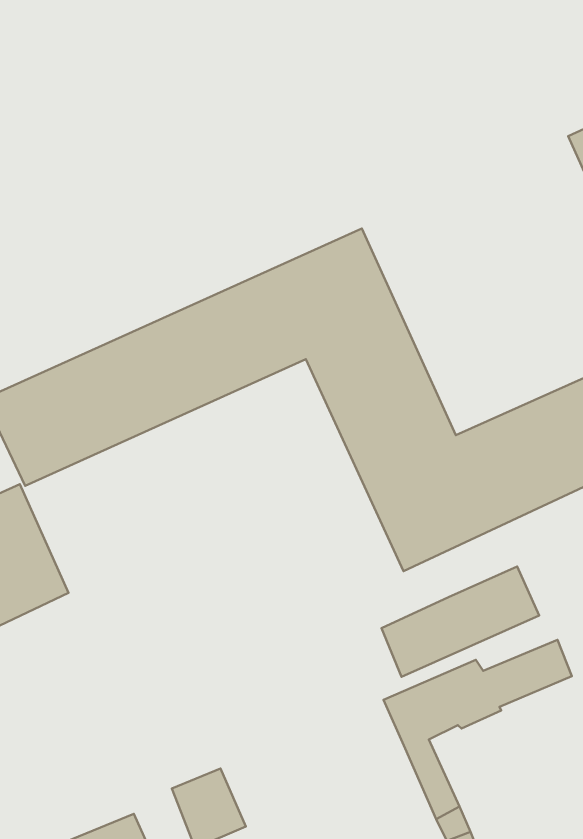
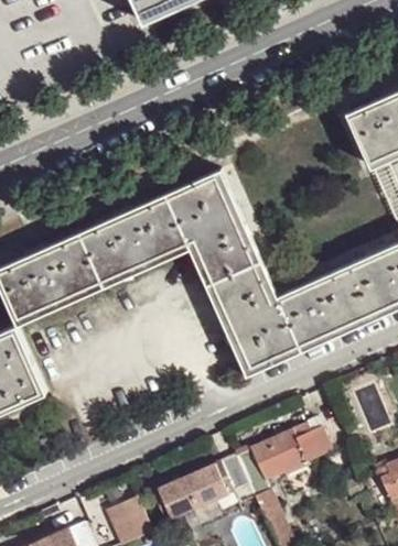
building: [382,566,539,677] -> [152,456,248,523]

